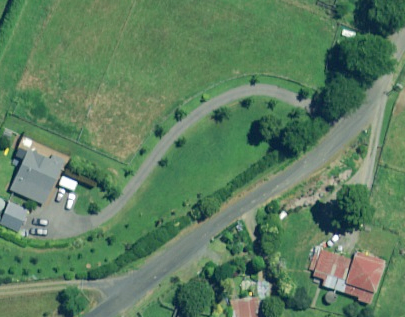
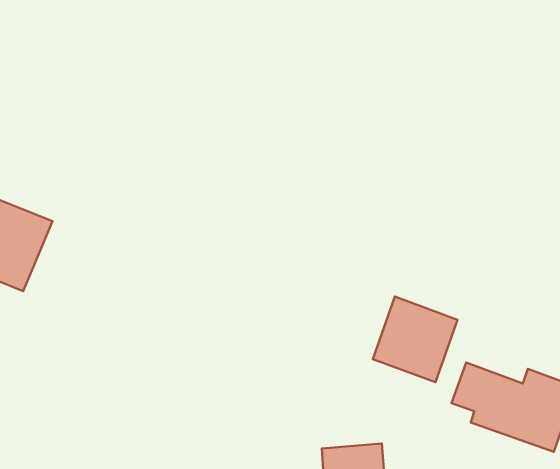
building: none -> [373,297,458,382]

